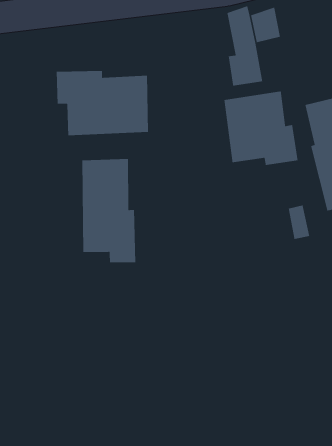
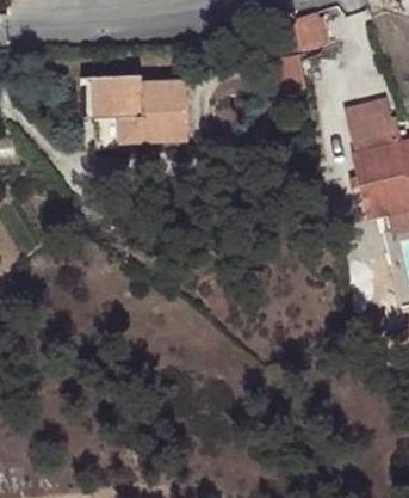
building: [224,90,298,166] -> none
building: [81,158,136,263] -> none

